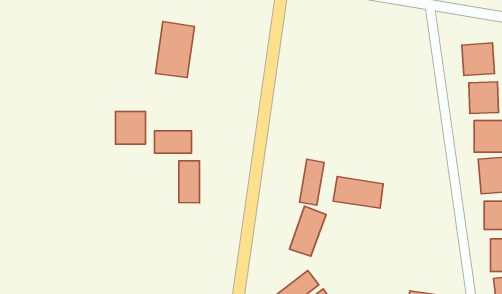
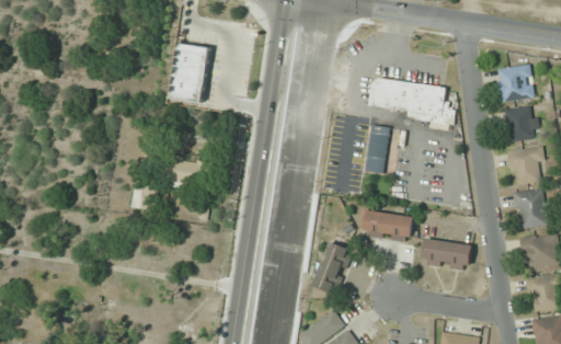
building: none -> [368,78,450,119]
building: [116,112,146,144] -> none
building: [300,159,324,205] -> [364,125,390,174]
building: [179,161,200,203] -> none
building: none -> [422,239,471,271]

